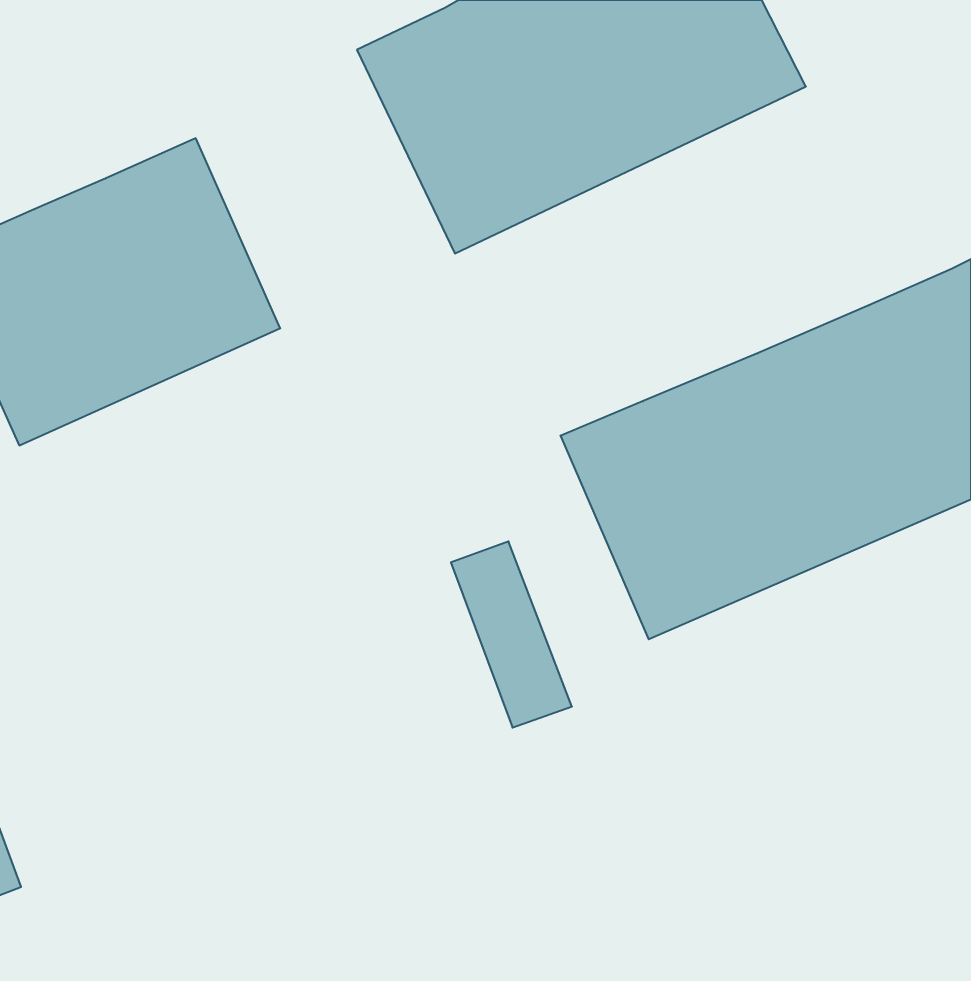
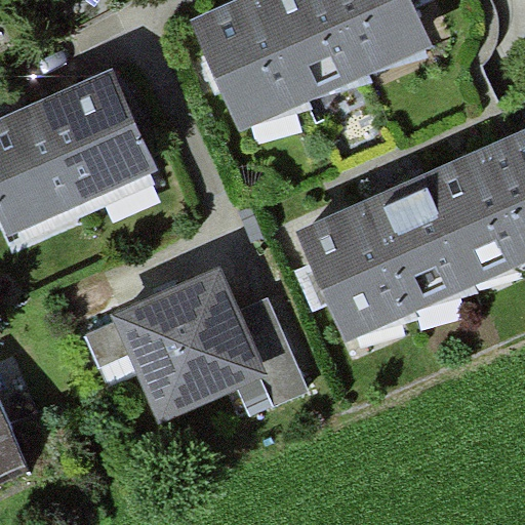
building: none -> [117,268,261,412]

